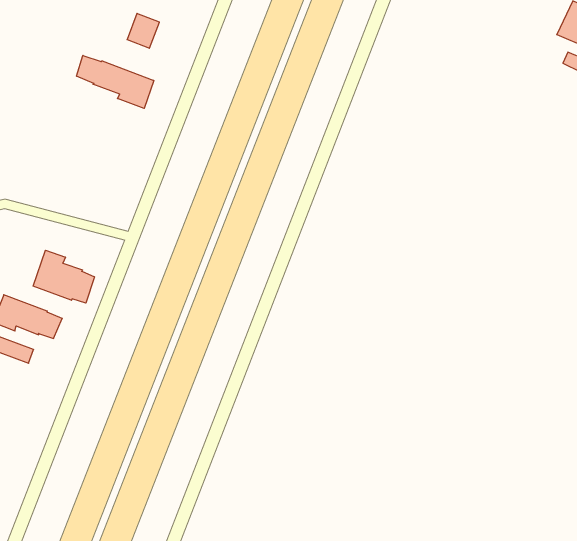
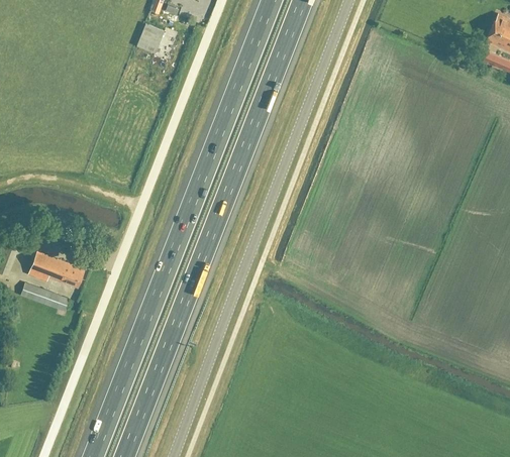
building: [77,55,154,108] -> none
building: [33,250,94,303] -> none

